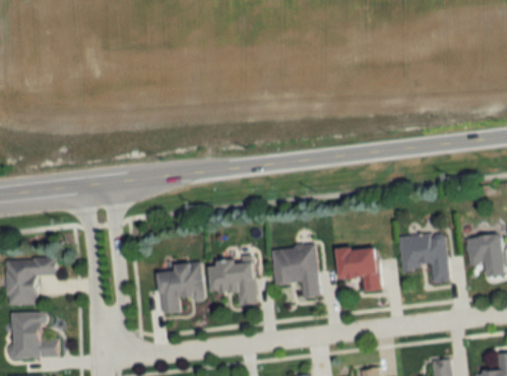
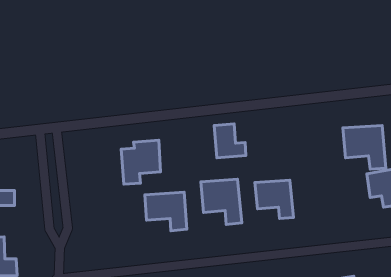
building: none -> [214,124,246,158]
building: [399,233,449,284] -> [343,125,386,169]
building: [157,262,203,313] -> [121,140,161,184]

